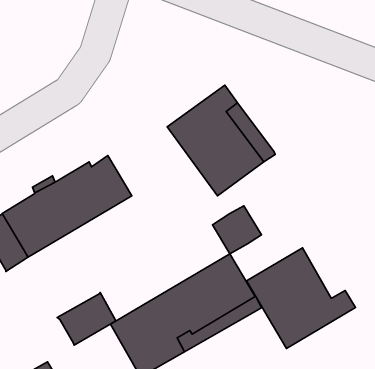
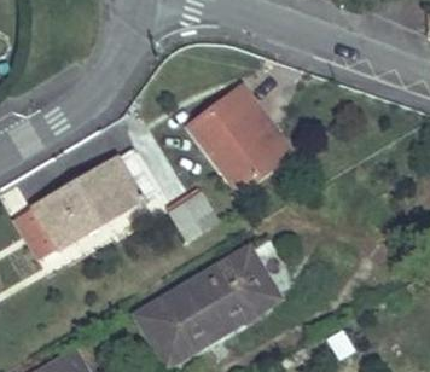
building: [212,206,261,254] -> [167,194,214,240]
building: [246,248,356,349] -> none
building: [57,292,115,345] -> none

